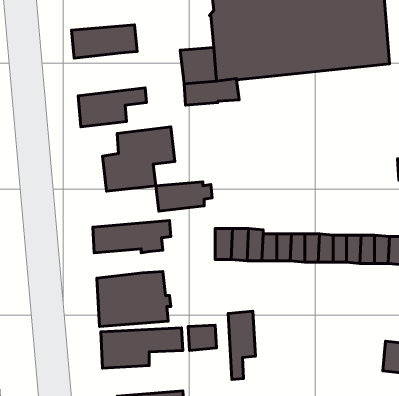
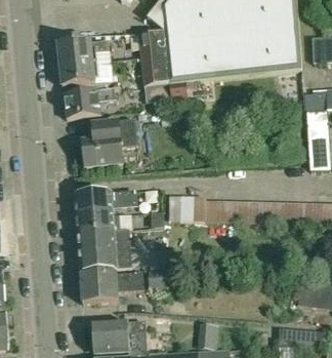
building: none -> [138,33,167,59]
building: none -> [60,62,98,86]
building: [156,182,212,211] -> [76,211,119,234]
building: [228,311,255,380] -> none

